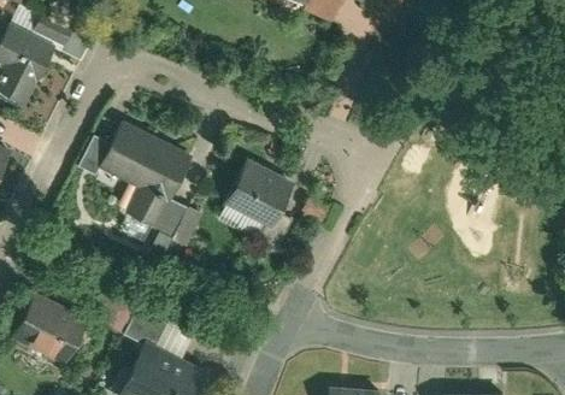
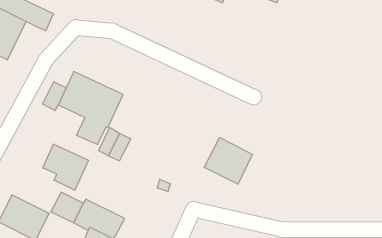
building: [223,163,292,229] -> [204,138,253,184]
building: none -> [43,144,88,190]

